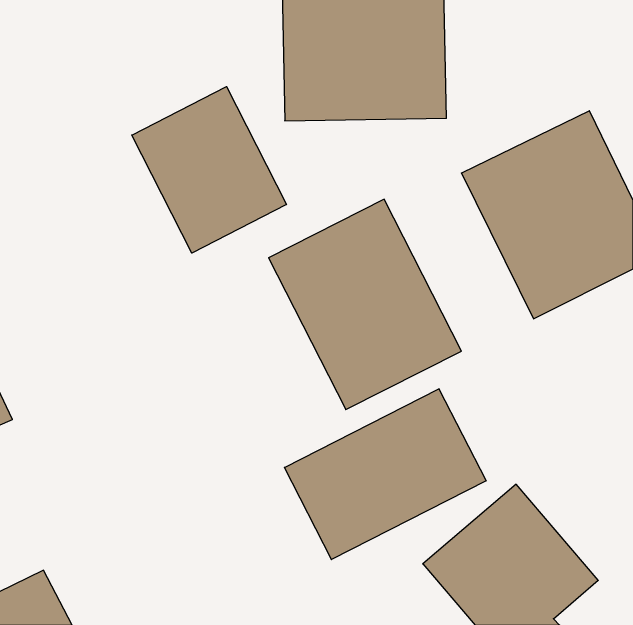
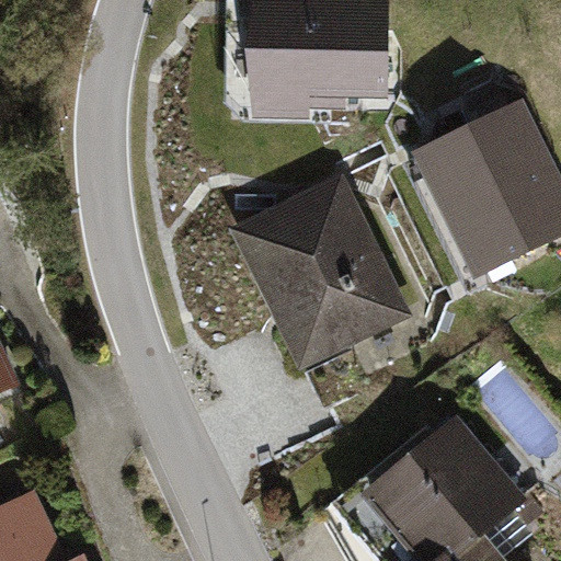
building: [132,87,286,253] -> none
building: [284,389,486,560] -> none

